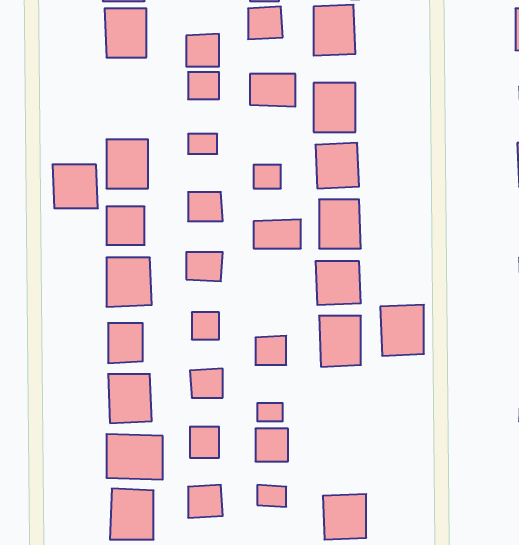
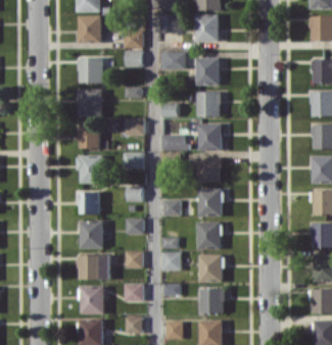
building: [52,165,98,208] -> [78,58,103,83]
building: [380,305,424,356] -> [197,220,222,249]
building: none -> [198,254,223,282]

